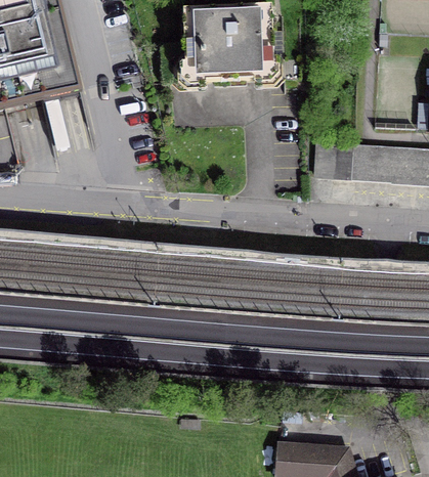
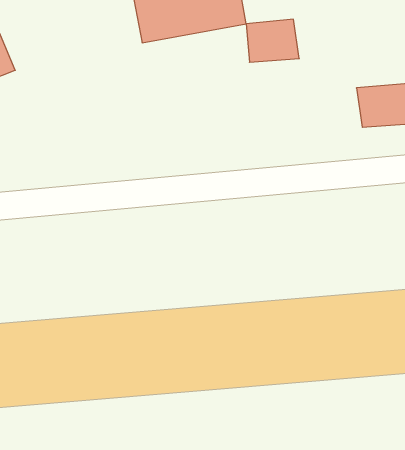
building: [312,141,353,176] -> [246,19,299,62]

